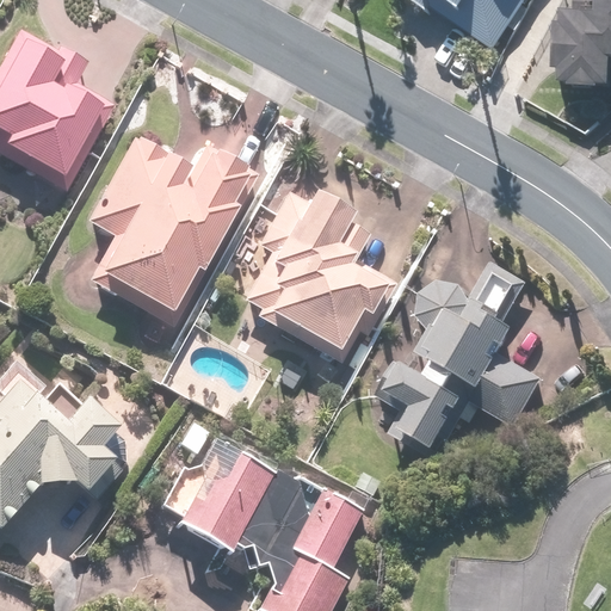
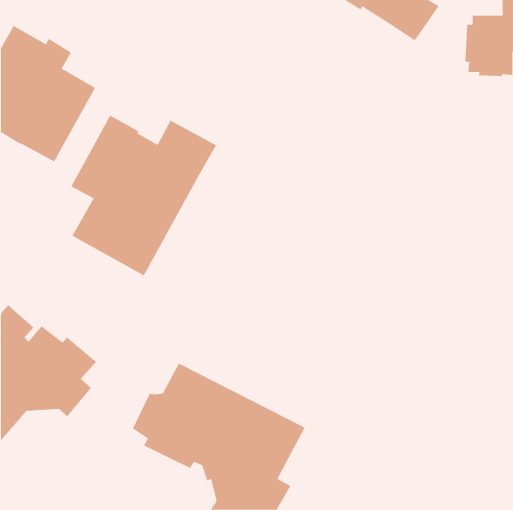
building: [242,191,396,362] -> none
building: [377,260,544,461] -> none

